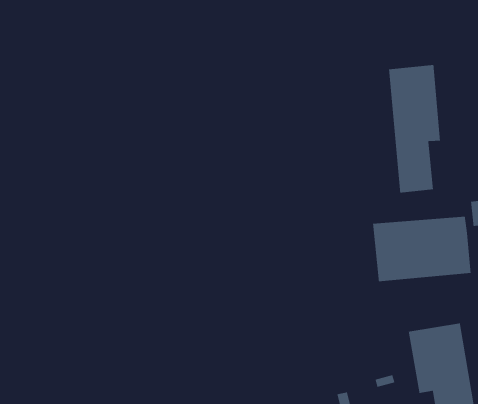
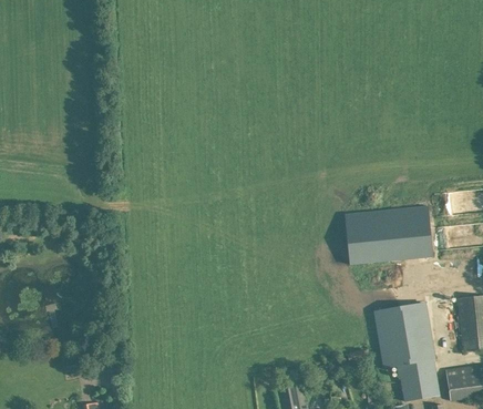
building: [388,64,441,194] -> none

